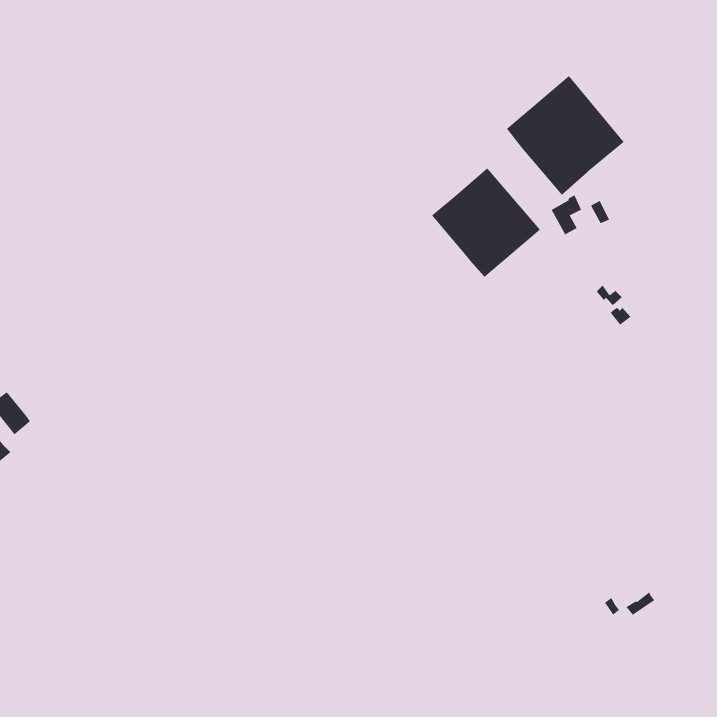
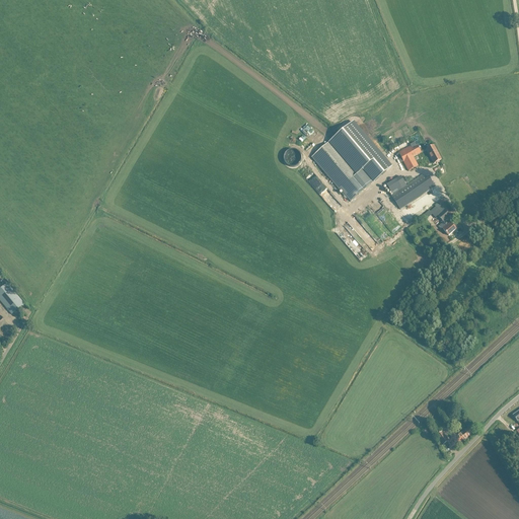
building: [506,75,625,195] -> none
building: none -> [384,173,433,208]

